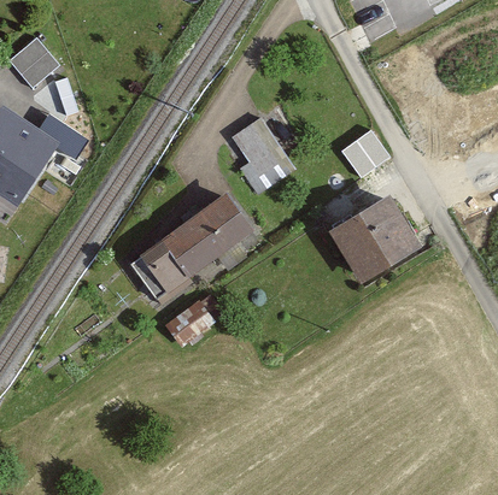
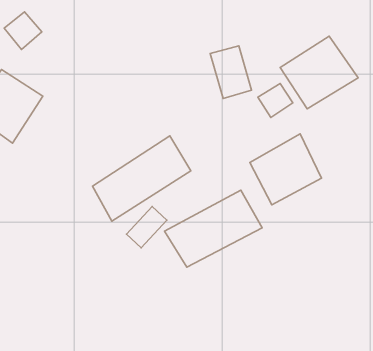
building: none -> [280,36,358,109]
building: [235,114,289,183] -> [210,46,252,98]
building: none -> [165,190,262,267]

